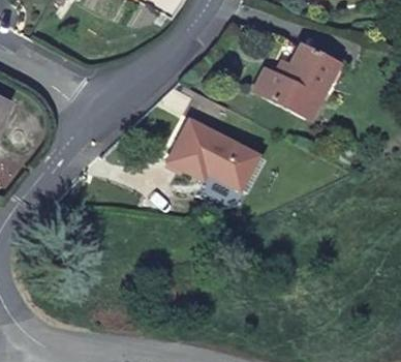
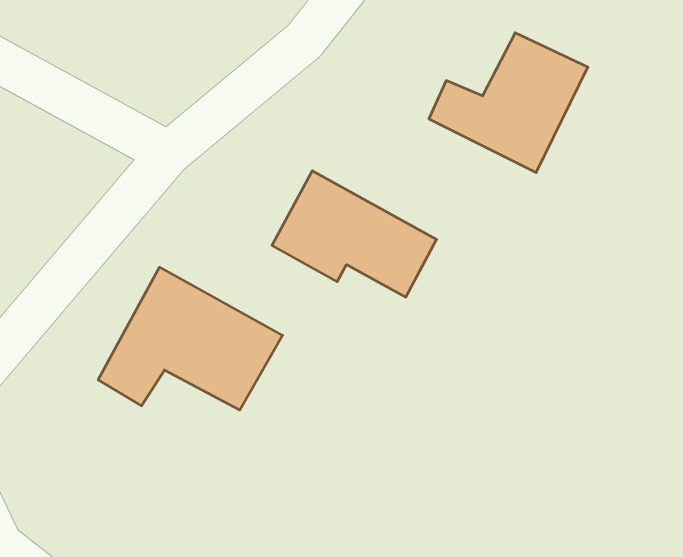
building: none -> [98,267,283,410]

